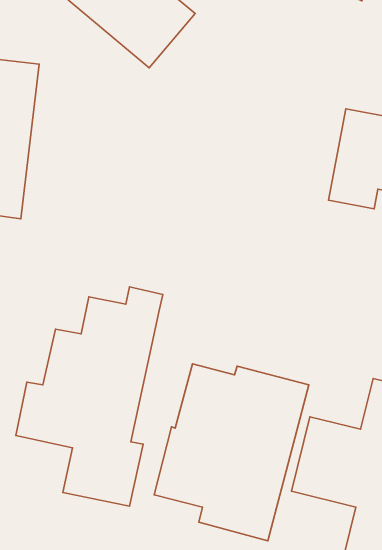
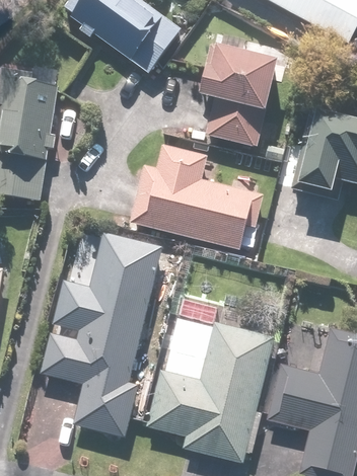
building: none -> [198,45,279,146]
building: none -> [131,144,256,248]

